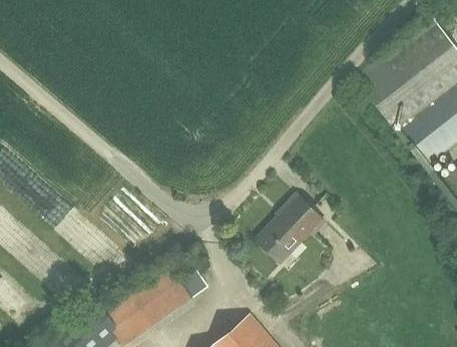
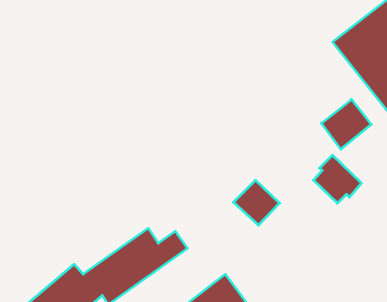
building: none -> [321,99,371,149]
building: [281,193,329,241] -> [313,155,361,203]

